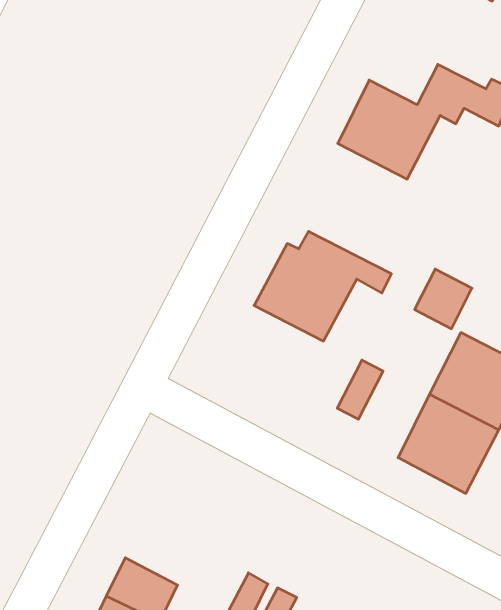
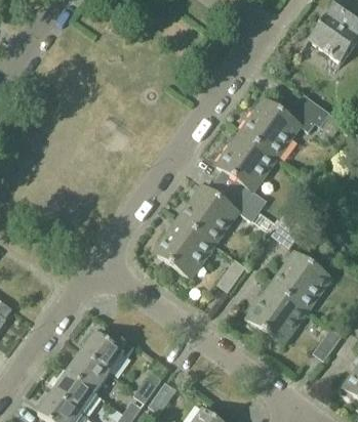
building: none -> [214,132,276,212]
building: none -> [153,218,213,279]
building: none -> [80,331,132,373]

